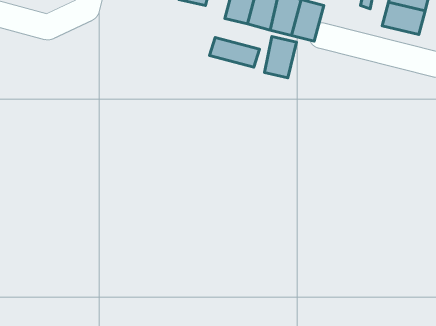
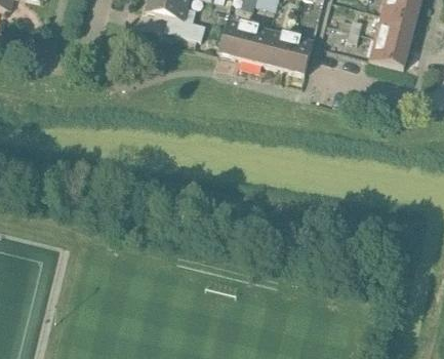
building: [264,36,296,78] -> none
building: [210,37,259,67] -> none

